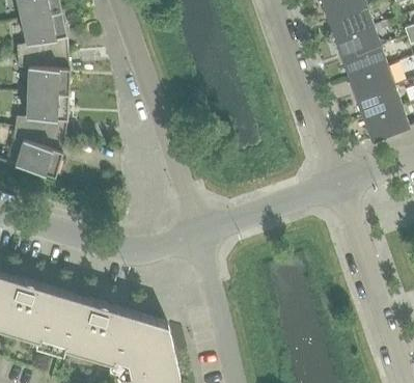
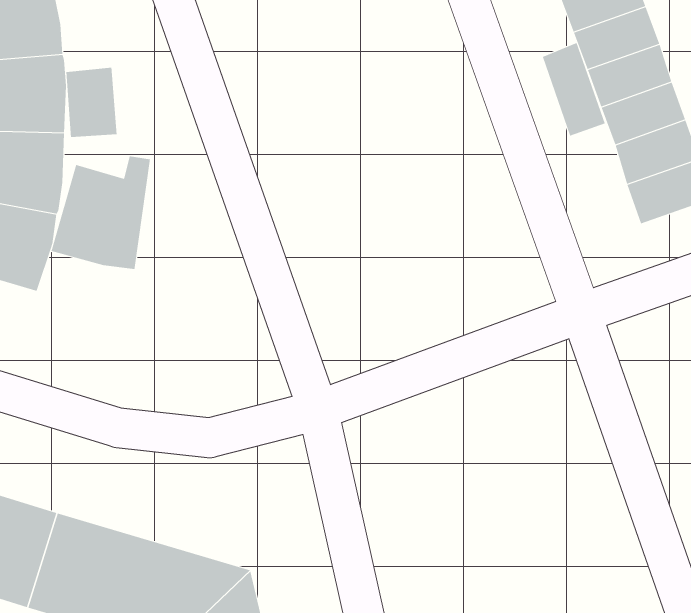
building: none -> [542,42,605,136]
building: none -> [66,67,117,138]
building: none -> [51,156,151,270]

